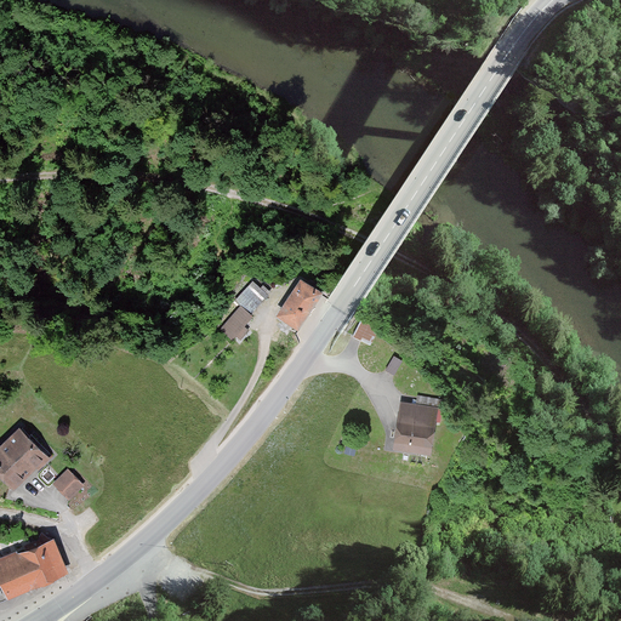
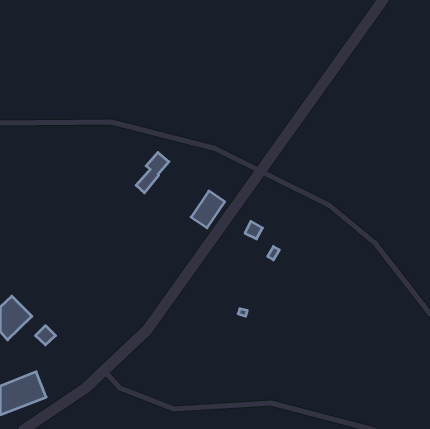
building: [220,284,267,342] -> [136,152,169,193]
building: [393,398,443,456] -> none

